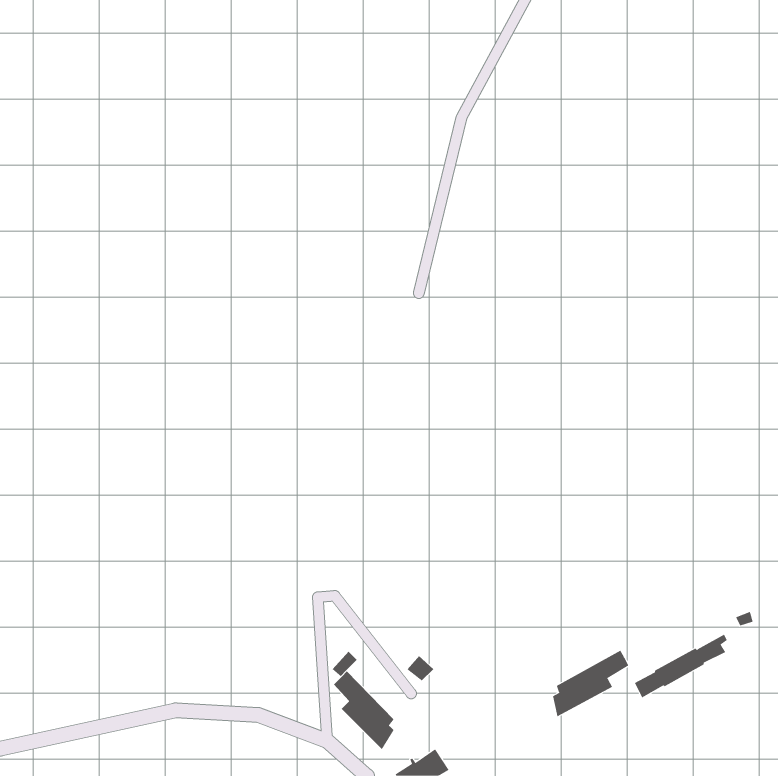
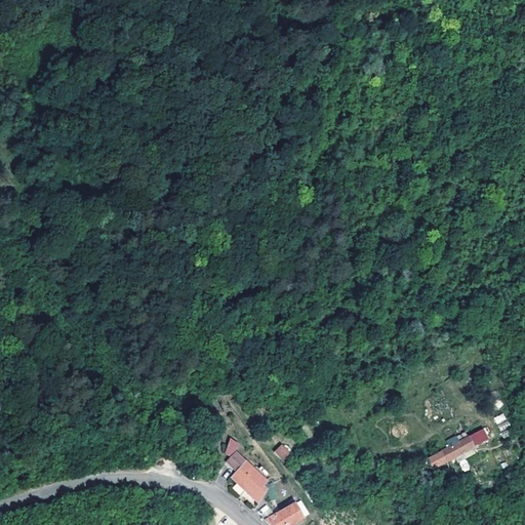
building: [552,650,629,717] -> none

